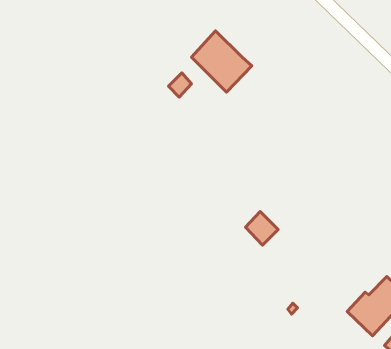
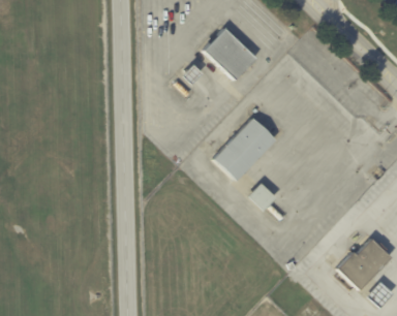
building: none -> [215,118,276,180]

